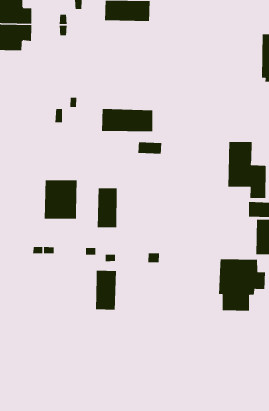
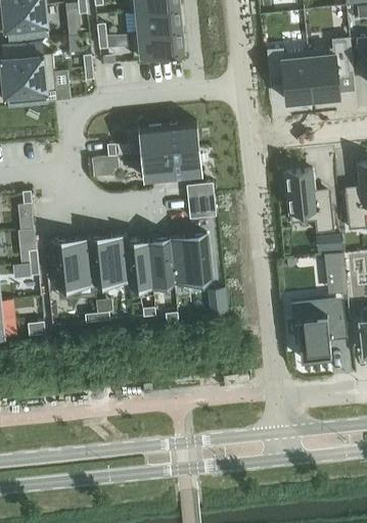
building: none -> [267,49,313,106]
building: none -> [139,124,198,154]
building: none -> [187,197,216,220]
building: none -> [52,240,93,288]
building: none -> [170,235,211,284]
building: [95,262,117,310] -> [125,236,152,288]

